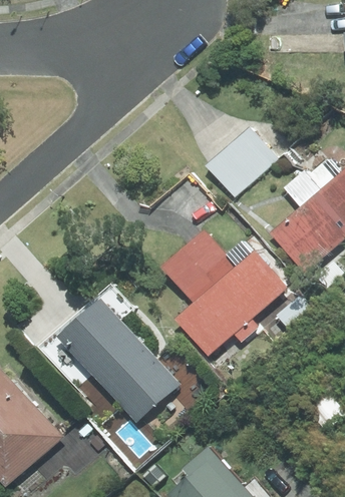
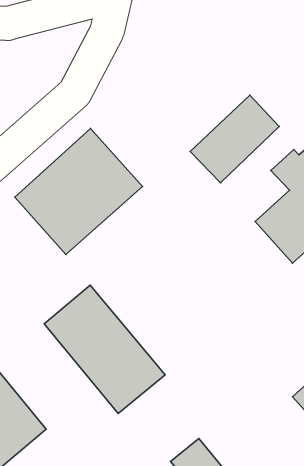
building: none -> [15,129,142,255]
building: [159,229,288,358] -> none

